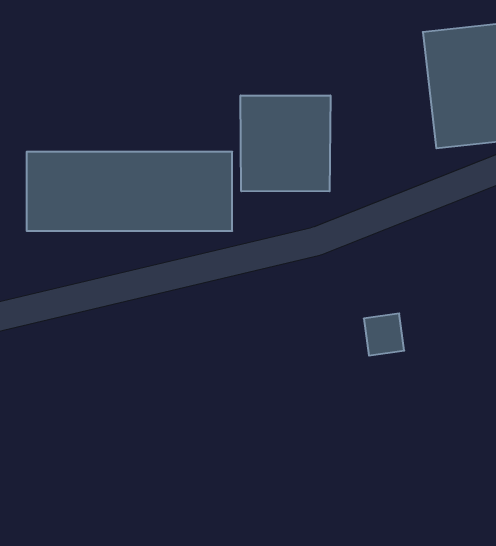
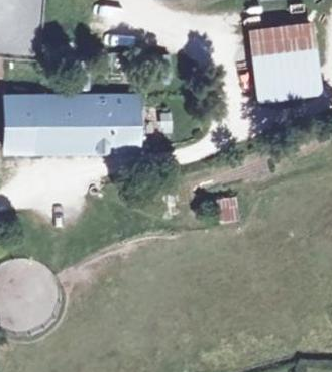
building: [241,95,330,191] -> none

